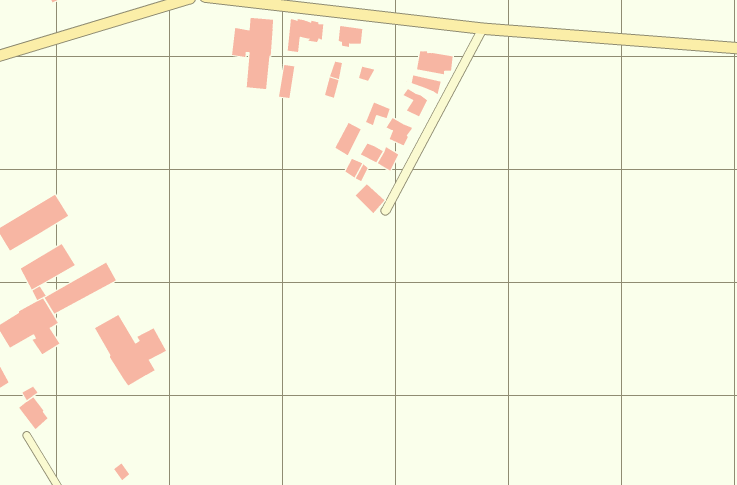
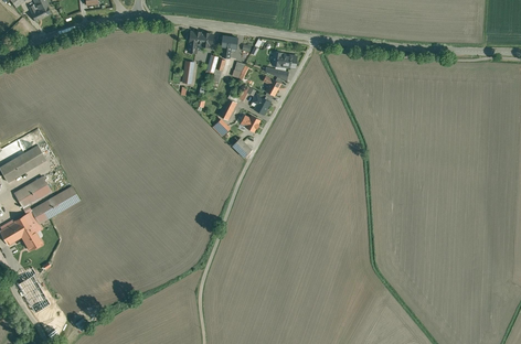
building: [231,17,274,90] -> none
building: [94,314,167,387] -> none

